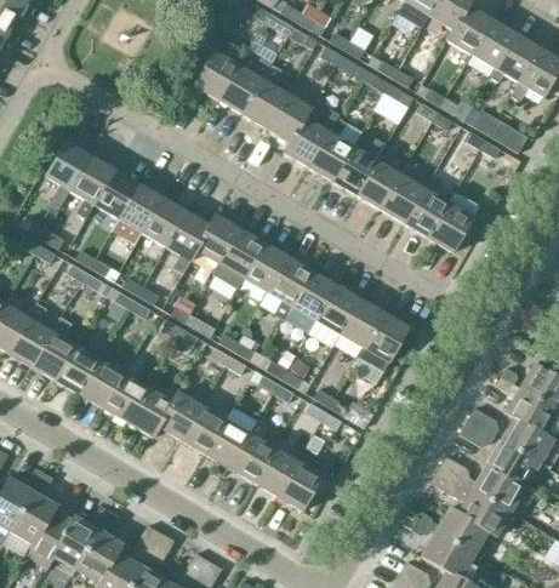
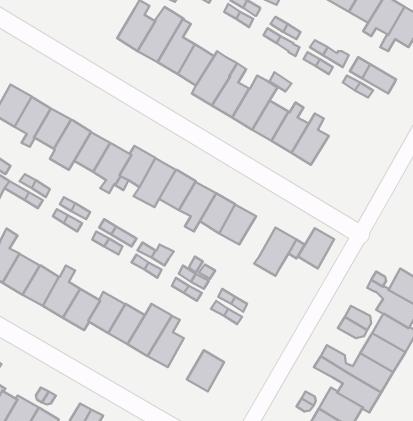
building: [426,204,472,253] -> none
building: [340,301,383,349] -> [298,228,334,268]
building: [253,447,297,497] -> none

